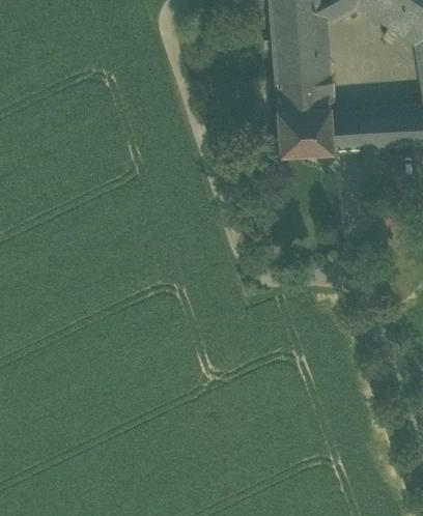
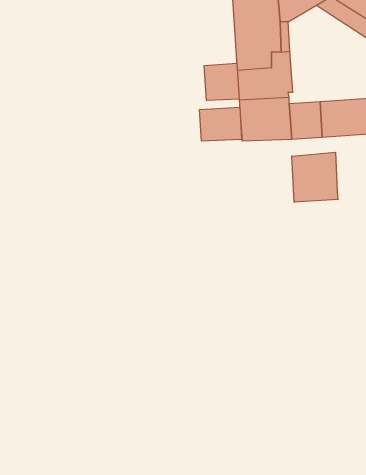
building: none -> [204,63,239,101]
building: none -> [200,107,242,141]
building: none -> [292,152,338,202]

